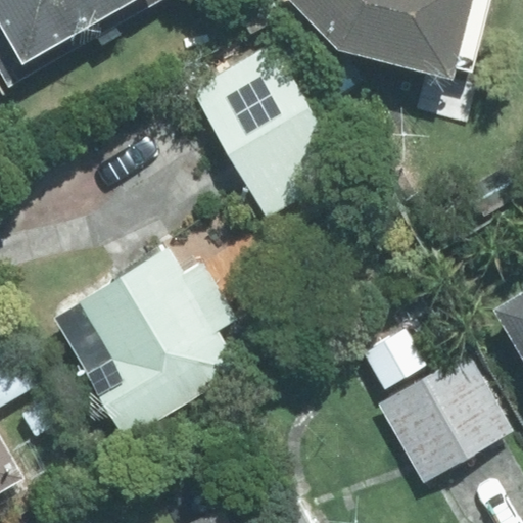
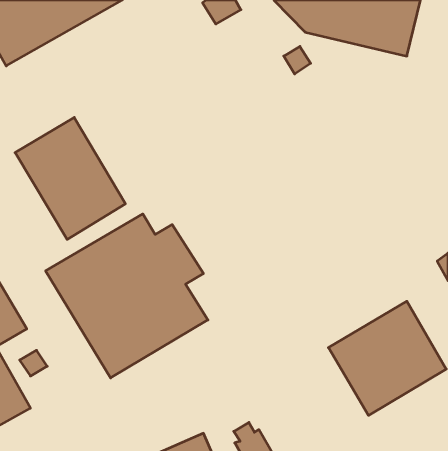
building: [188,43,345,217] -> none
building: none -> [15,117,125,239]

